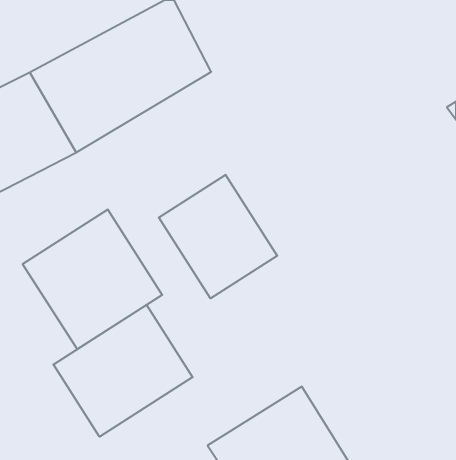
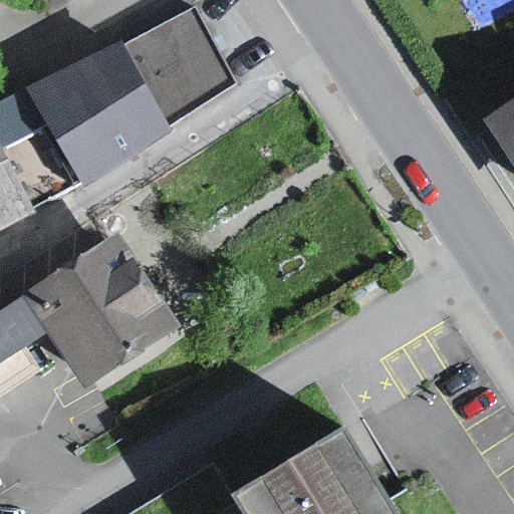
building: [159,175,277,298] -> none
building: [53,305,193,437] -> none

